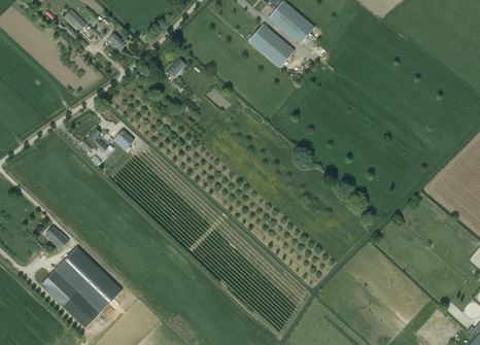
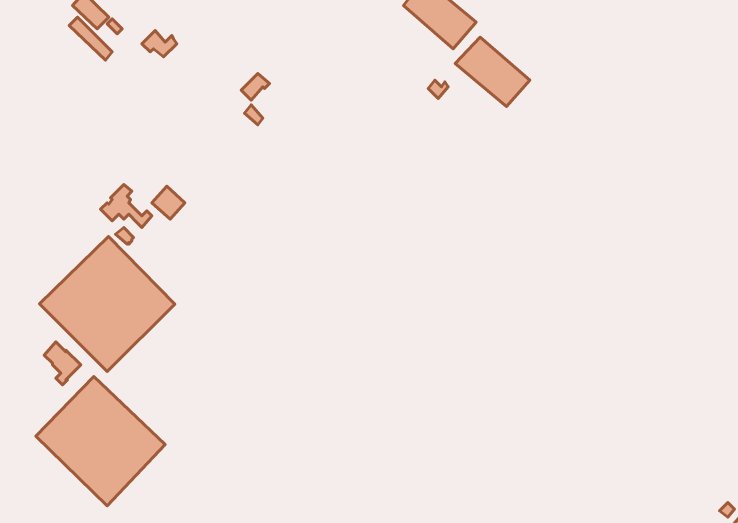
building: [248,24,295,67] -> [455,37,530,107]
building: none -> [39,236,175,371]

